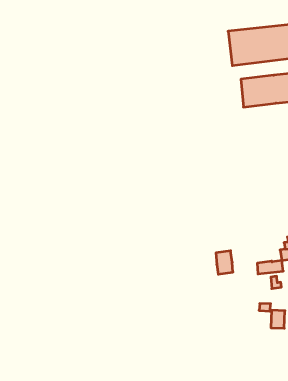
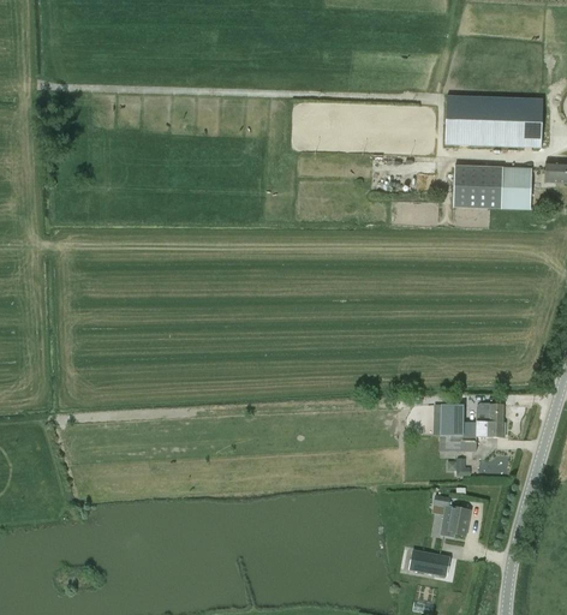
building: [216,251,233,274] -> [438,404,461,435]
building: none -> [410,545,450,572]

